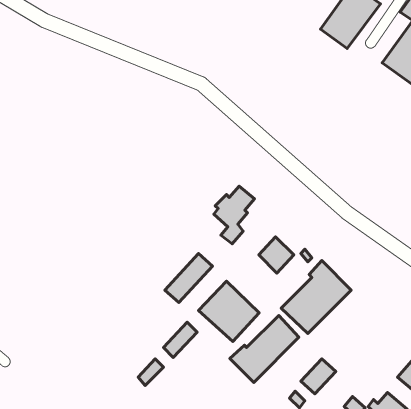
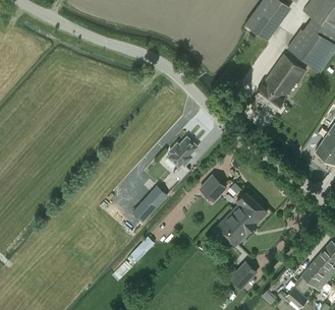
building: none -> [255,55,304,110]
building: [199,281,259,341] -> none
building: [230,315,299,382] -> none

